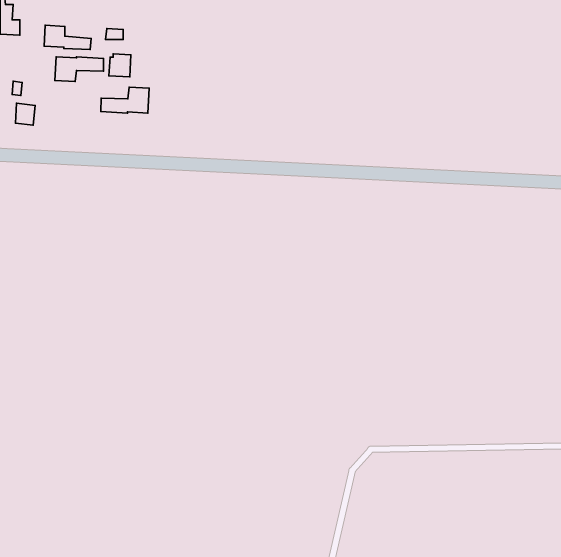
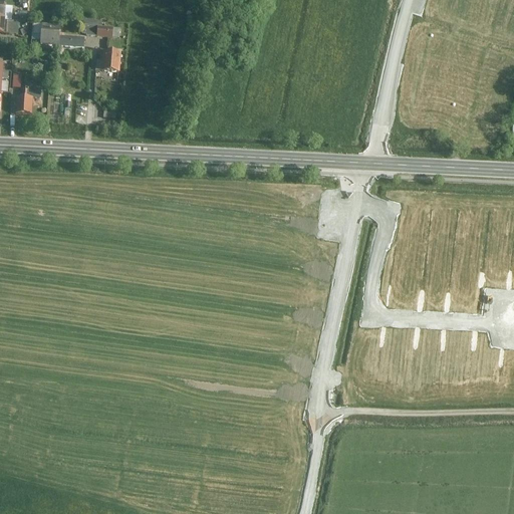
building: [55,57,104,82] -> none
building: [101,87,149,113] -> none

